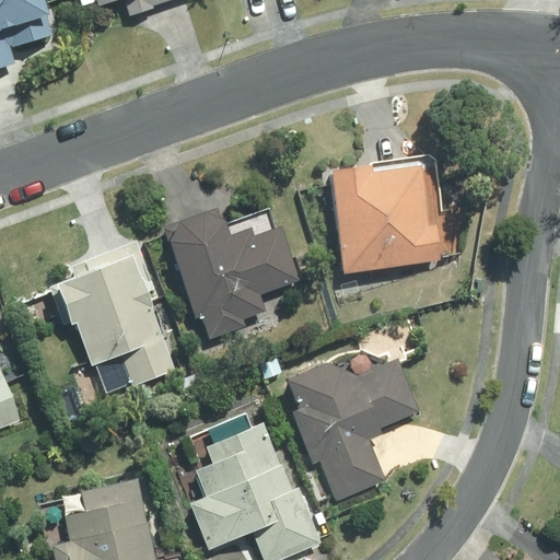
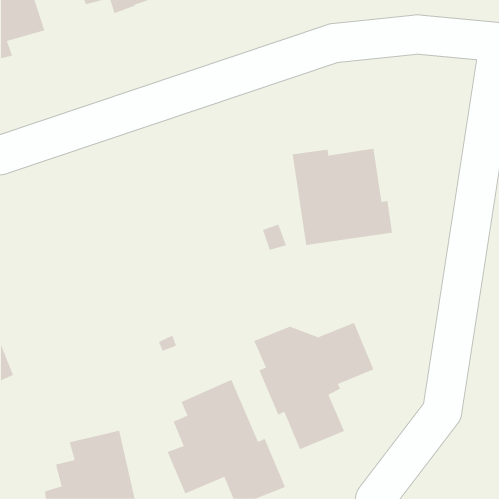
building: [162,207,300,339] -> none
building: [50,241,175,386] -> none

